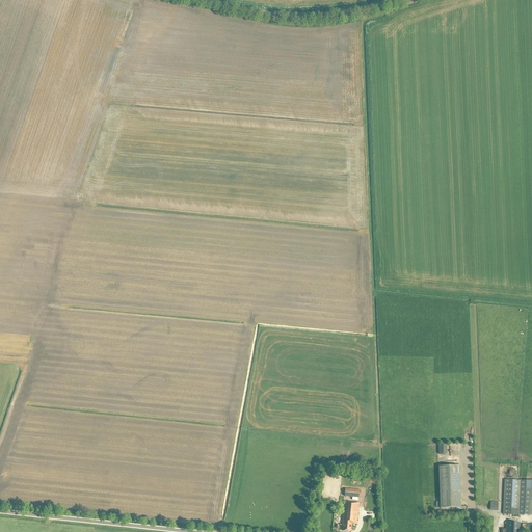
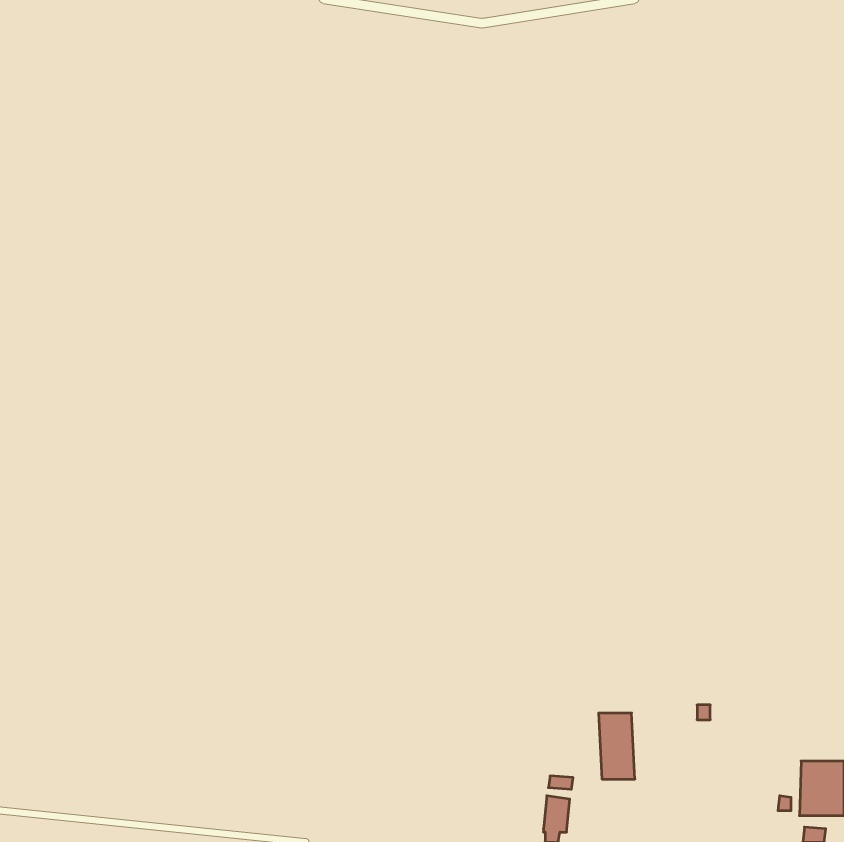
building: [438,466,461,507] -> [599,713,635,779]

